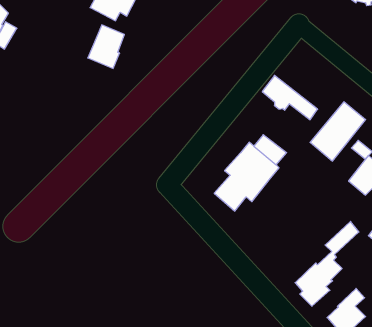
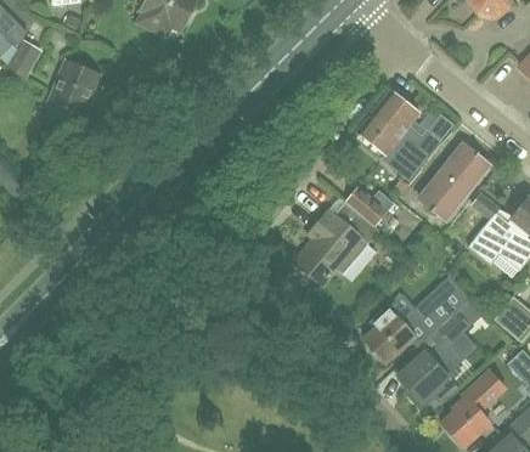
building: [88,25,124,68] -> [50,60,97,115]
building: none -> [372,89,439,153]
building: none -> [363,273,470,361]

